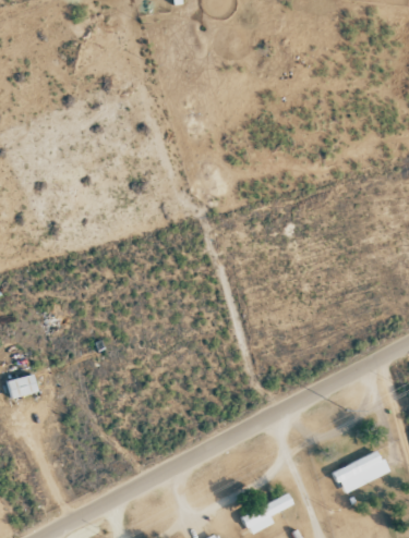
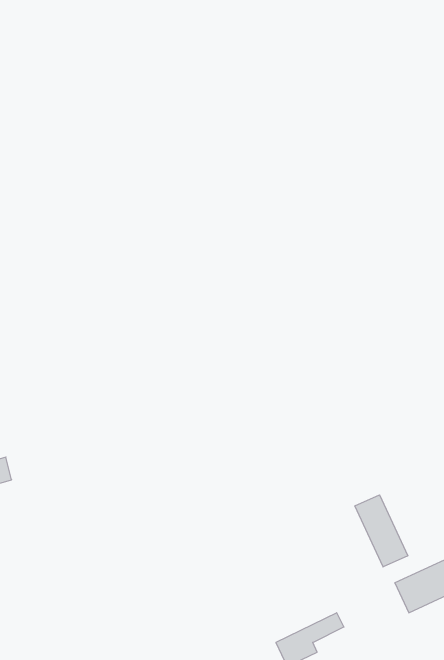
building: none -> [355,495,408,567]

